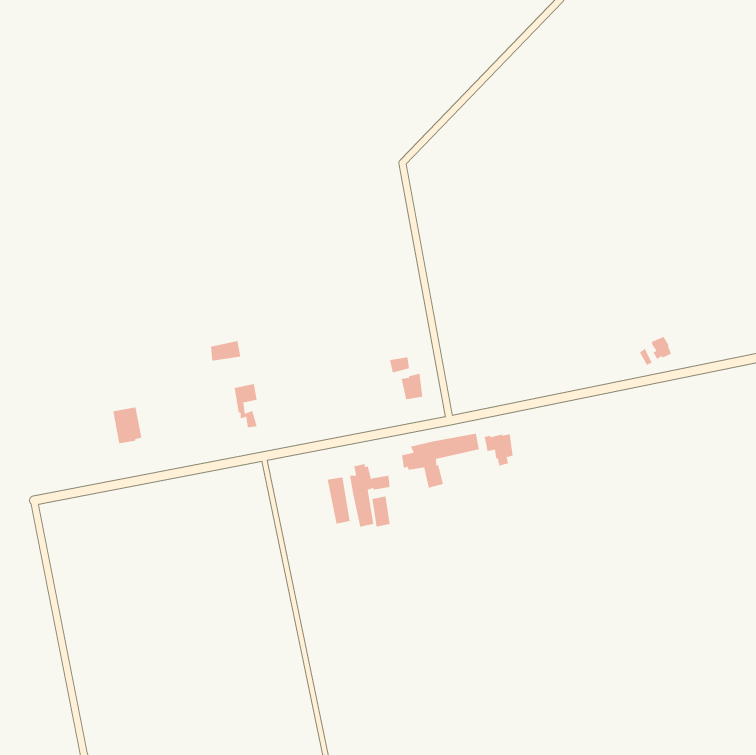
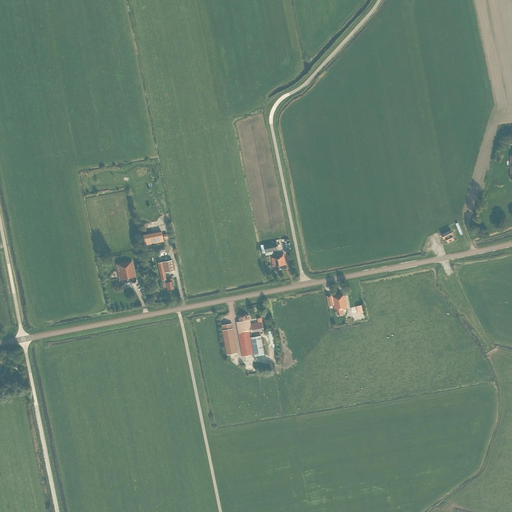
building: [113,407,142,444] -> [116,260,136,285]
building: [402,433,479,488] -> none

